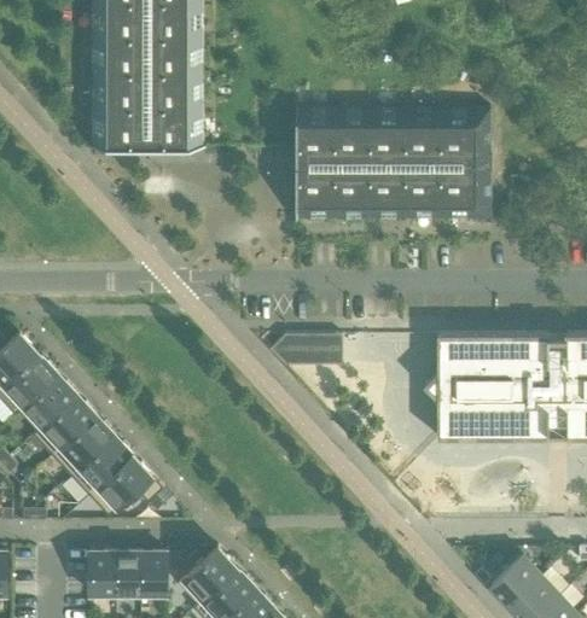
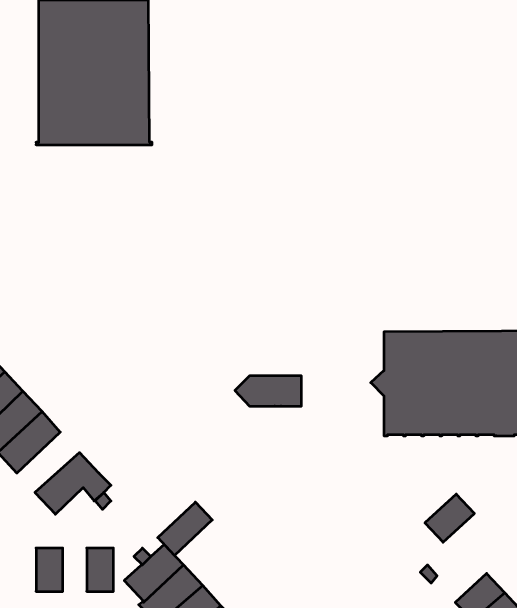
building: [296,105,492,221] -> none
building: [271,334,337,365] -> [235,376,301,406]
building: [70,435,133,495] -> none
building: none -> [158,502,212,555]
building: [116,550,140,594] -> none
building: [490,556,540,605] -> [425,494,474,542]

